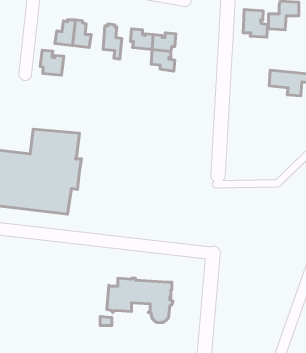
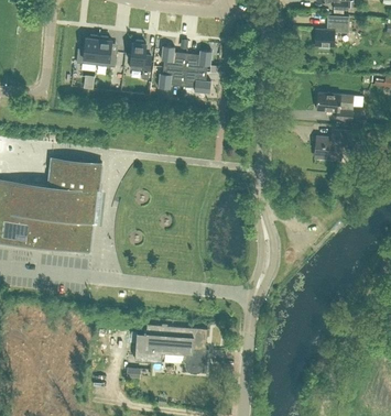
building: [243,9,267,37] -> none
building: none -> [158,67,185,89]
building: [40,50,64,75] -> none
building: none -> [314,130,352,163]

